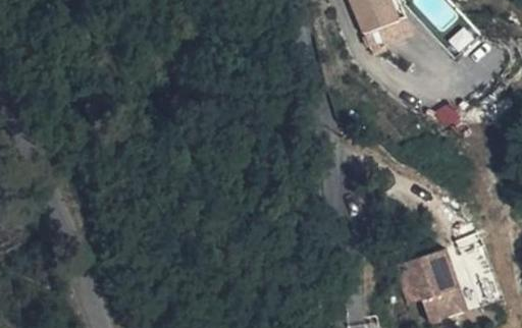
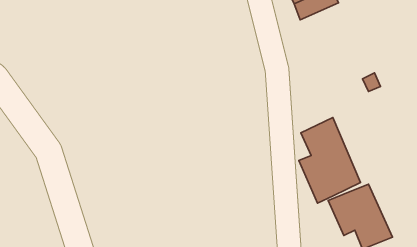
building: none -> [299,118,361,203]

